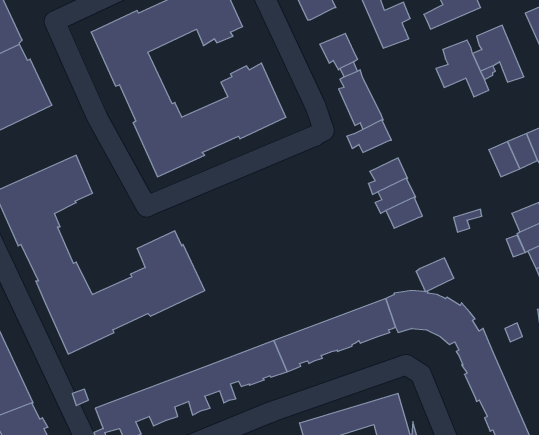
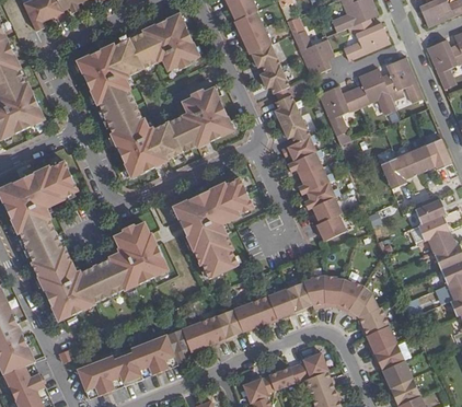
building: none -> [252,43,281,70]
building: none -> [319,85,360,135]
building: none -> [288,150,323,175]
building: none -> [381,158,407,187]
building: none -> [171,179,252,280]
building: [416,258,454,292] -> [316,212,347,240]

